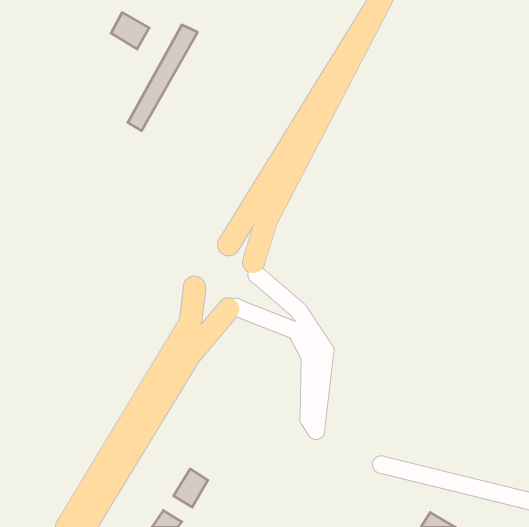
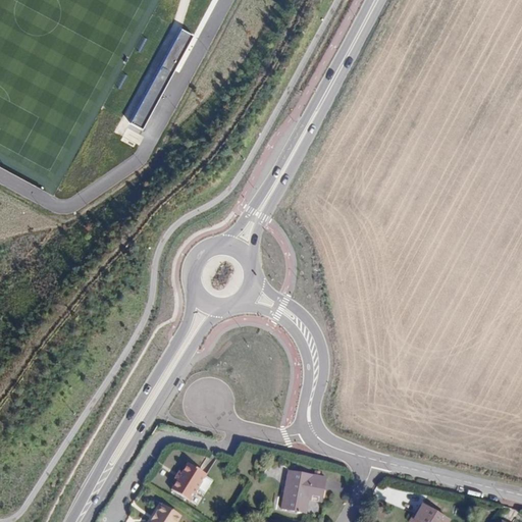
building: [111,13,149,49] -> none
building: none -> [281,470,324,510]

